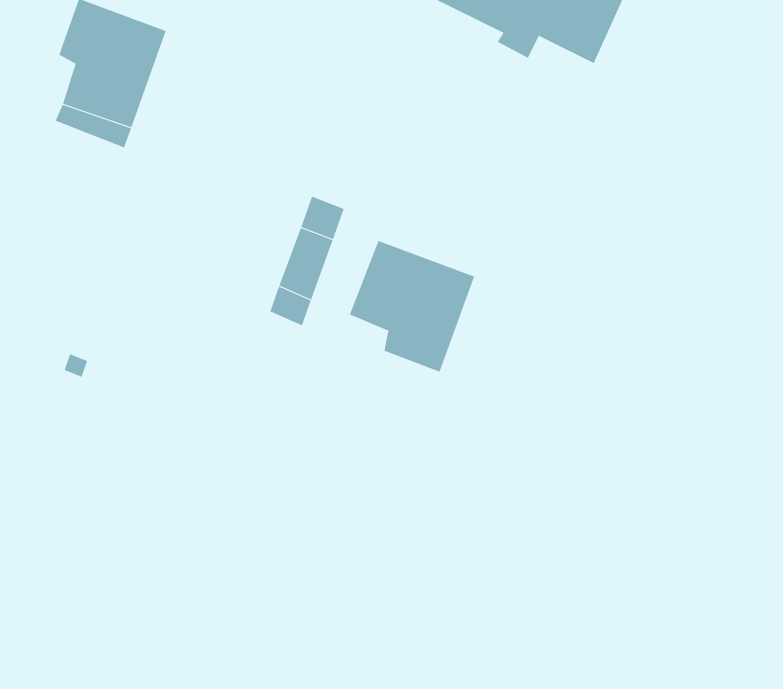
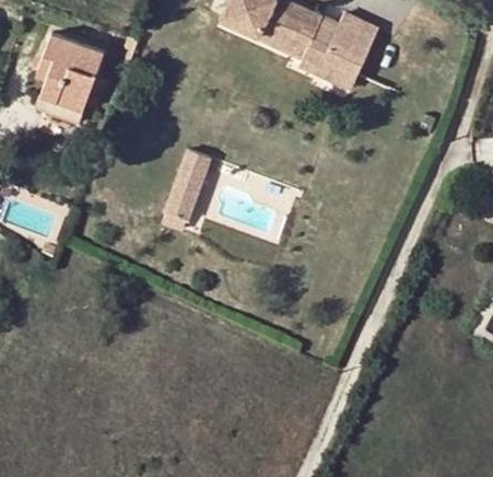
building: [349,240,475,373] -> none

